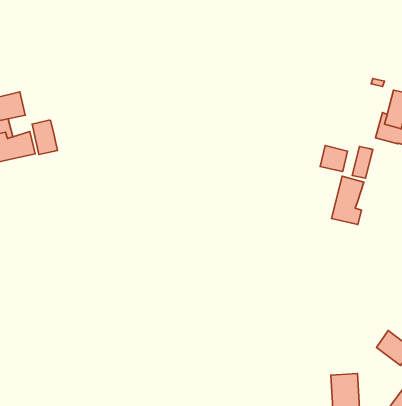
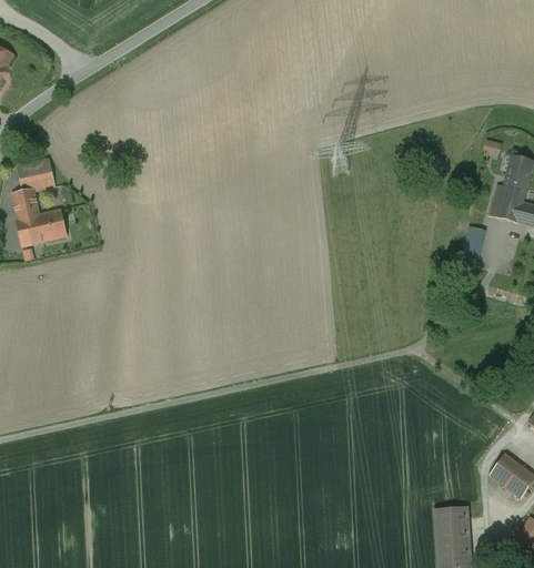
building: [32,120,58,155] -> none
building: [320,145,348,171] -> none
building: [332,176,364,224] -> none

